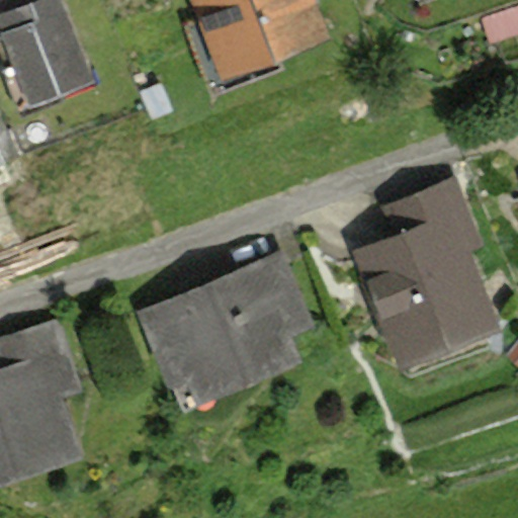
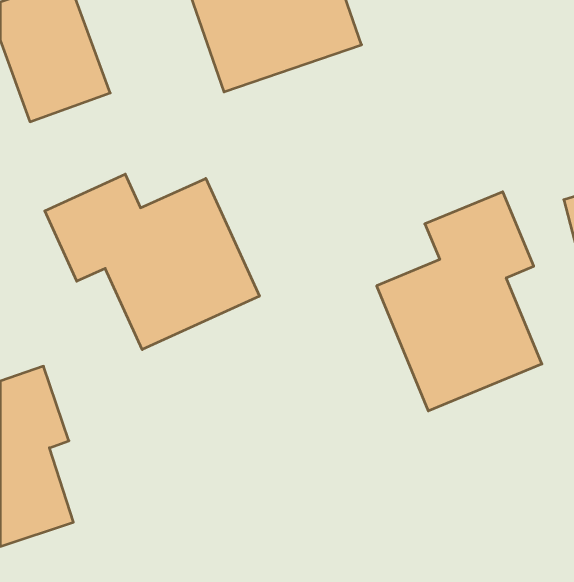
building: none -> [45,174,259,350]
building: [146,259,314,409] -> none

